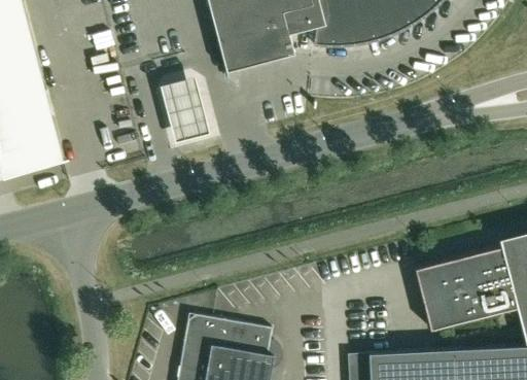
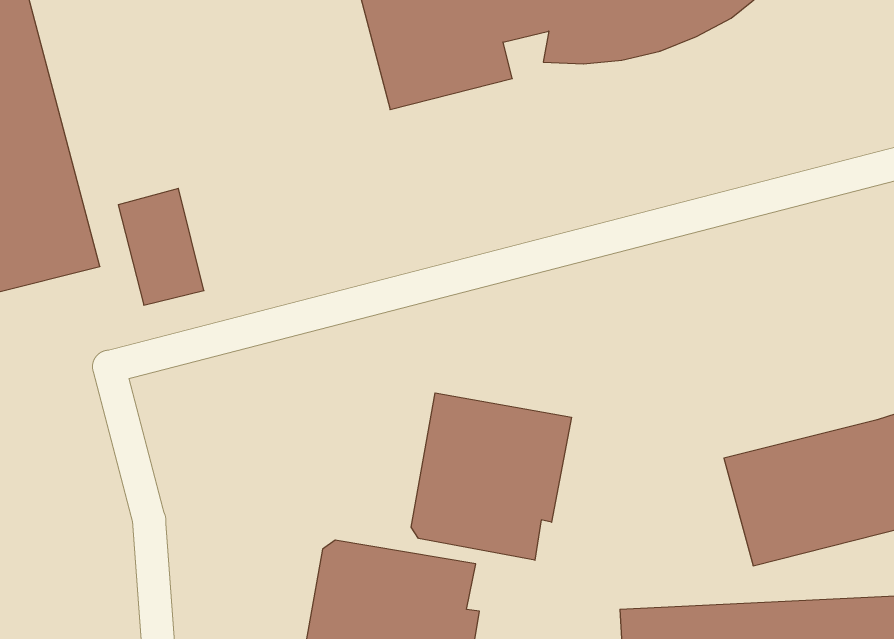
building: [160,76,208,142] -> [118,188,204,305]
building: none -> [411,393,571,560]

